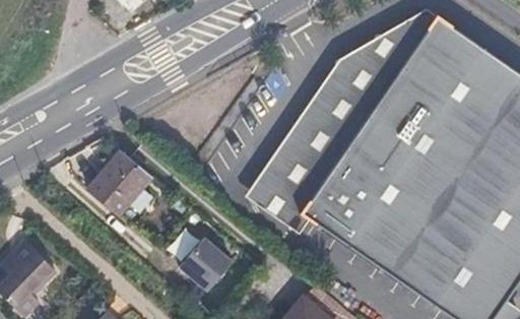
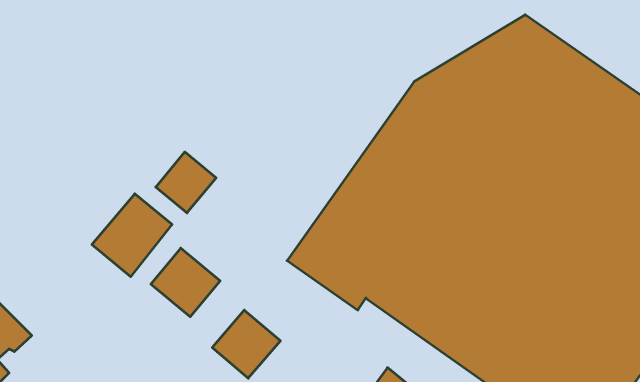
building: none -> [156,152,216,213]
building: none -> [151,248,220,317]

